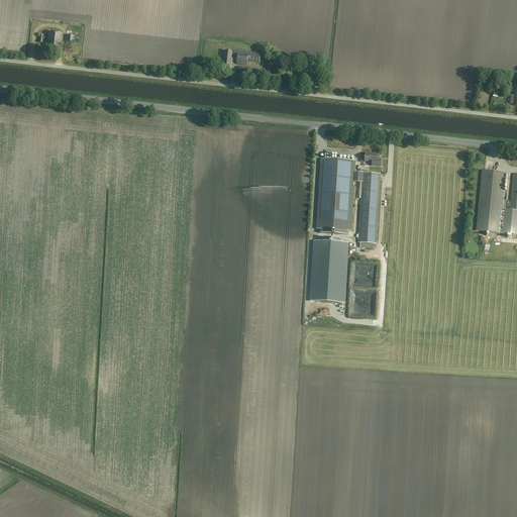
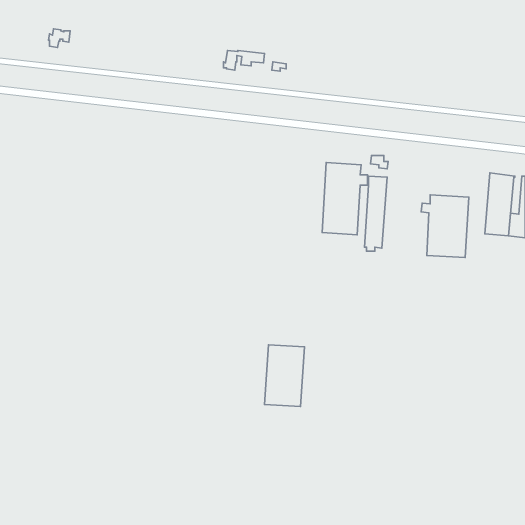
building: none -> [421,195,469,258]
building: [309,240,348,301] -> [264,345,304,406]

